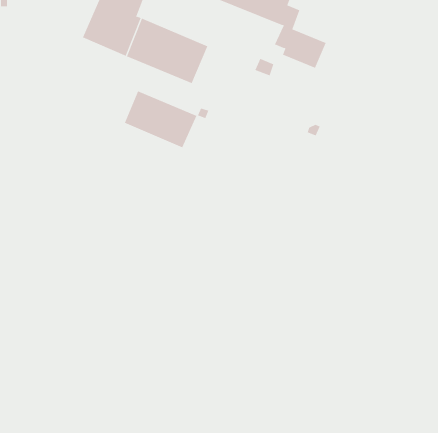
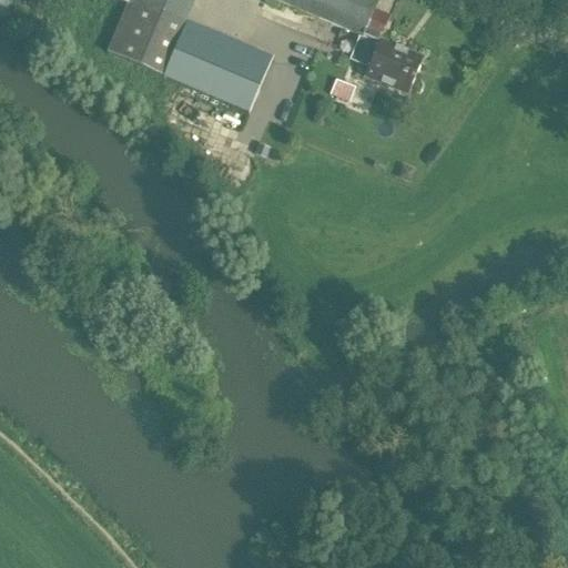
building: [124,90,197,148] -> none

